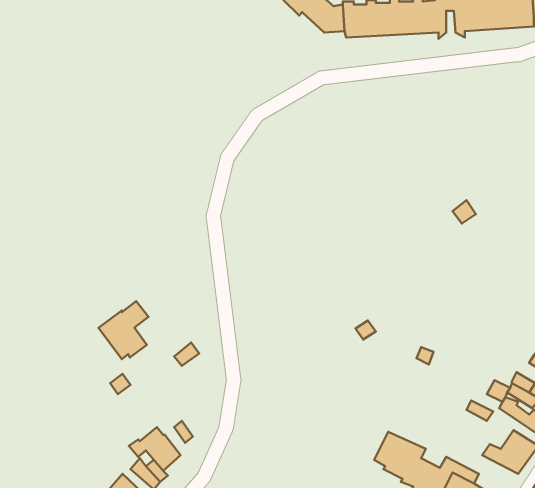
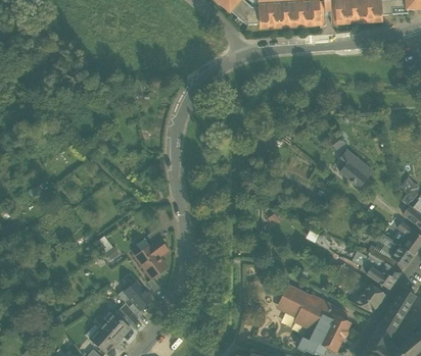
building: none -> [340,150,373,188]
building: [99,301,149,359] -> [136,239,169,276]

